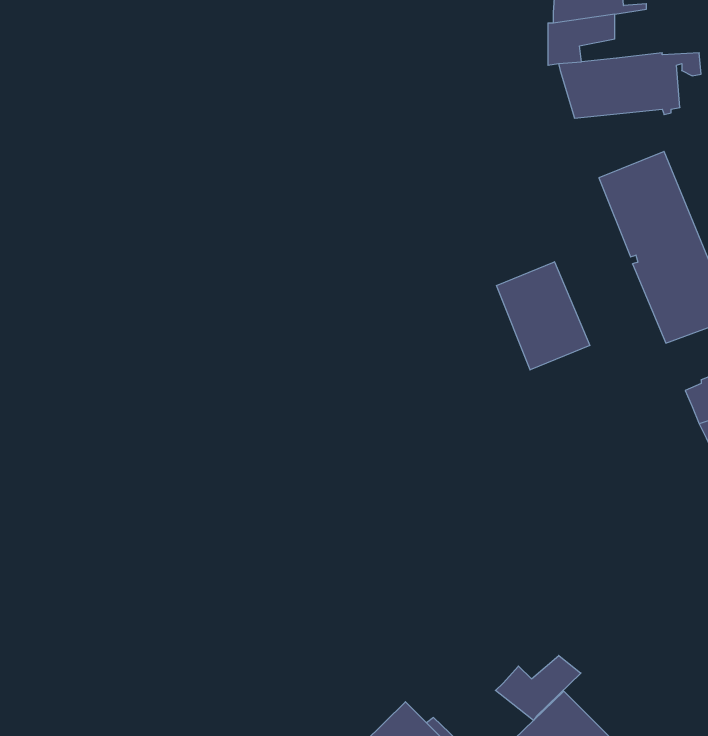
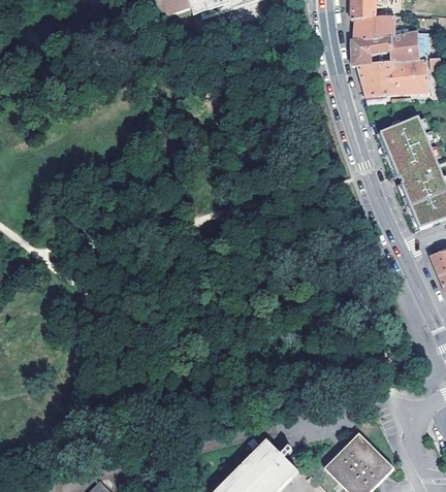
building: none -> [389,32,417,62]
building: [496,262,590,370] -> none
building: [495,655,581,721] -> none

